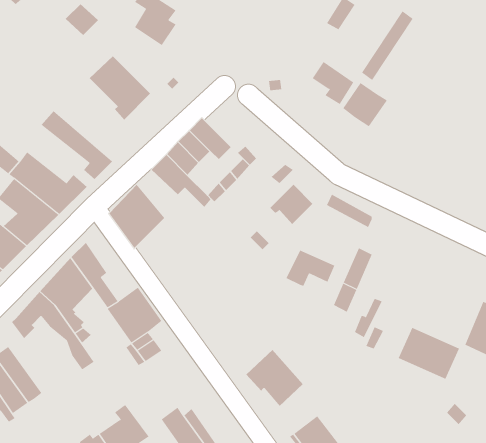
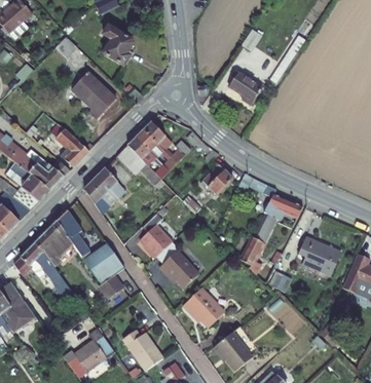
building: [342,82,387,127] -> none
building: [286,250,335,287] -> [264,191,300,218]
building: none -> [136,219,168,259]
building: none -> [155,252,195,291]
building: [398,327,460,379] -> [294,235,339,273]

